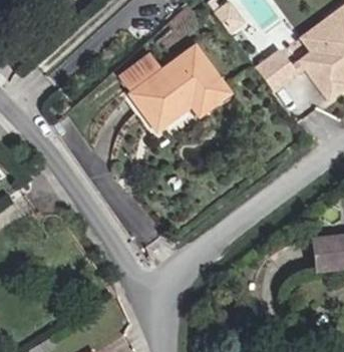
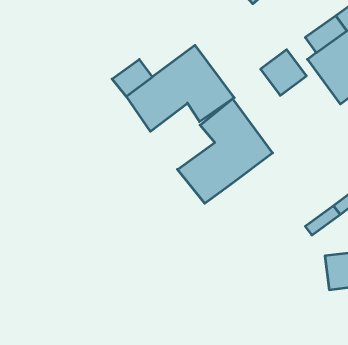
building: none -> [177,99,273,203]

